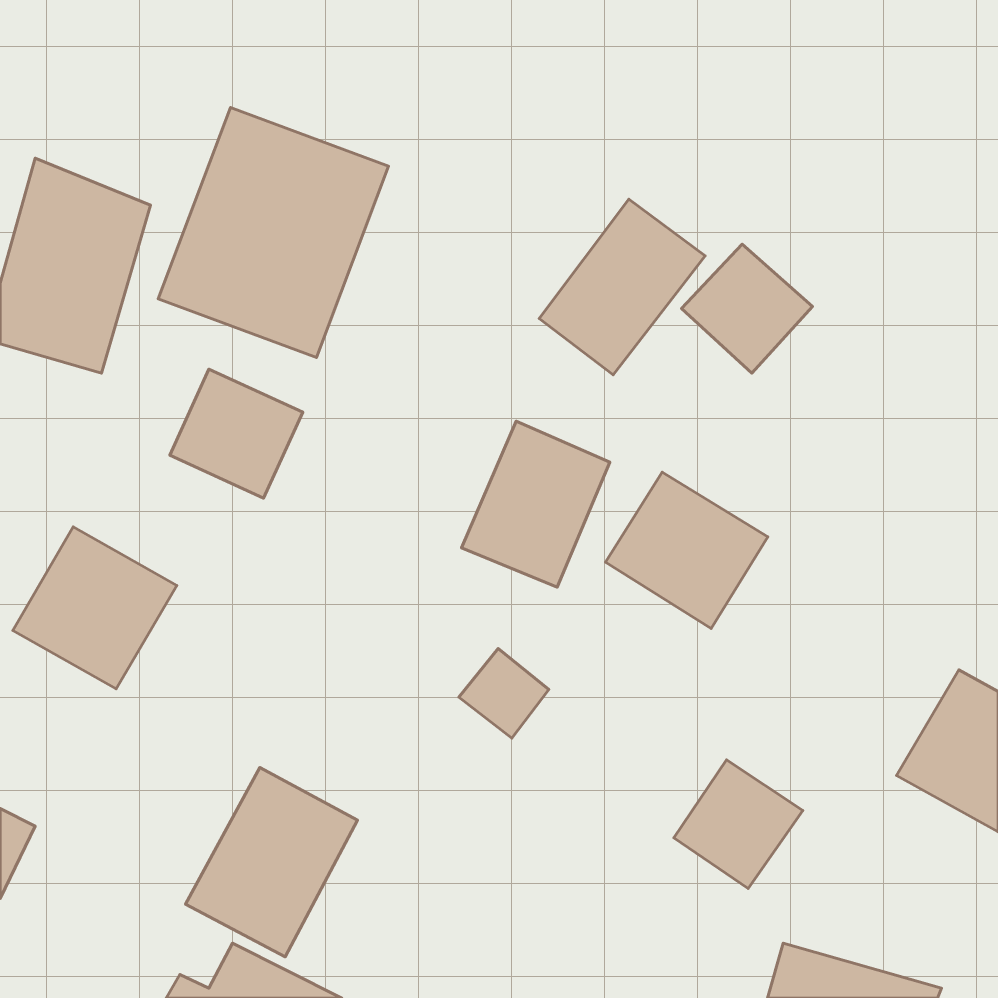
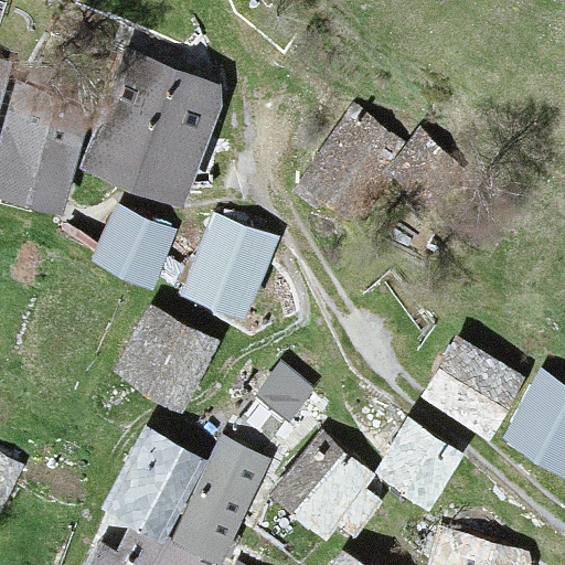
building: [461,421,610,587] -> [186,220,270,313]
building: [606,472,768,628] -> [426,344,518,433]
building: [13,527,177,689] -> [119,311,212,403]
building: none -> [277,437,379,532]
building: none -> [174,440,265,558]

